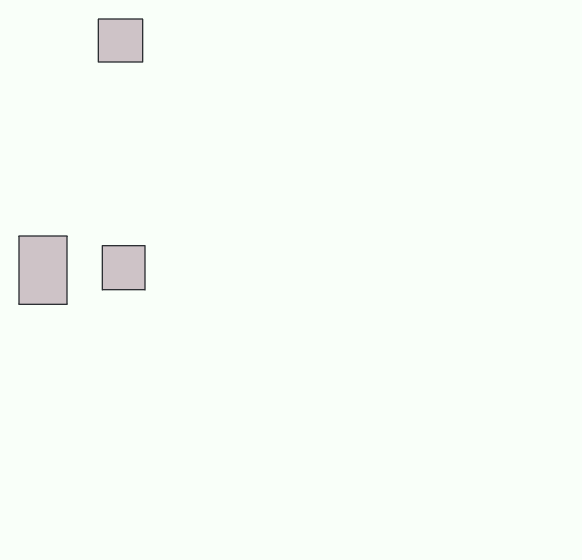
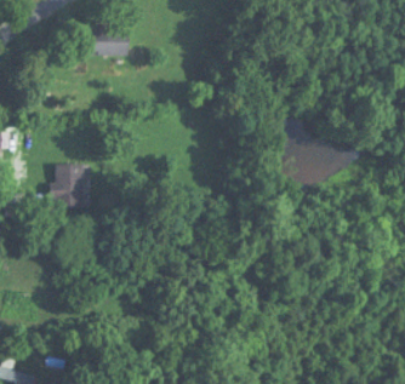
building: [102,246,145,290] -> none

